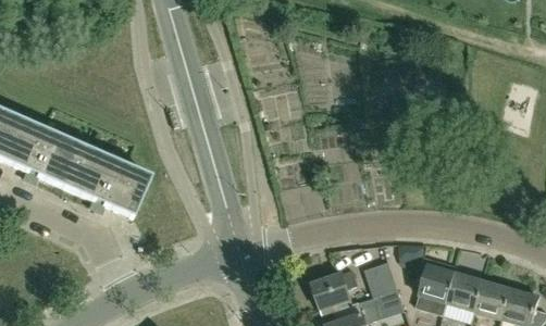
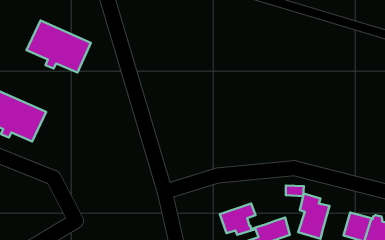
building: [63,149,148,217] -> [26,21,91,73]
building: [363,262,397,297] -> none
building: [447,273,483,312] -> none

